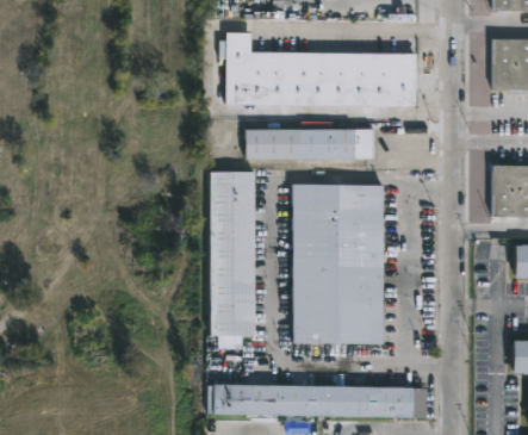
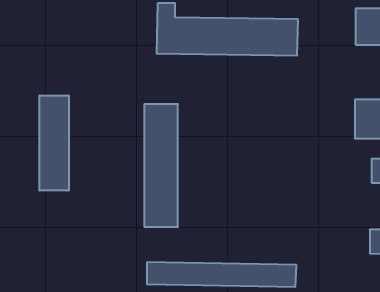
building: [246,128,372,159] -> none
building: none -> [39,95,69,191]
building: [292,184,383,343] -> none

